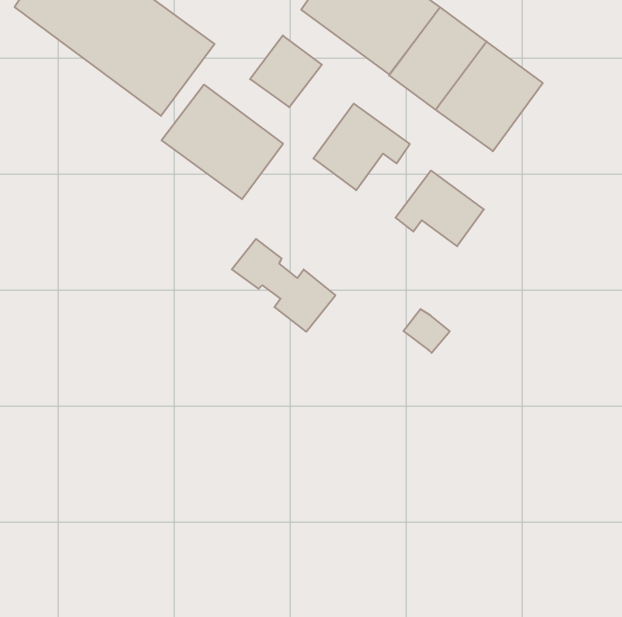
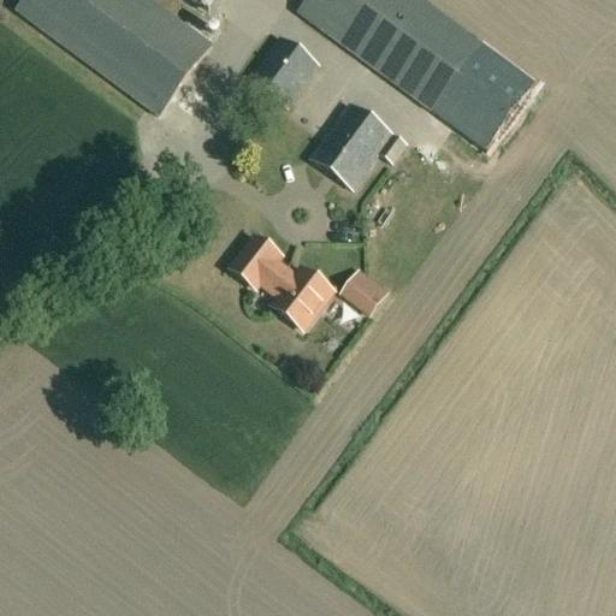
building: [162,85,283,199] -> none
building: [395,171,484,246] -> none
building: [403,309,450,353] -> [339,271,385,314]

